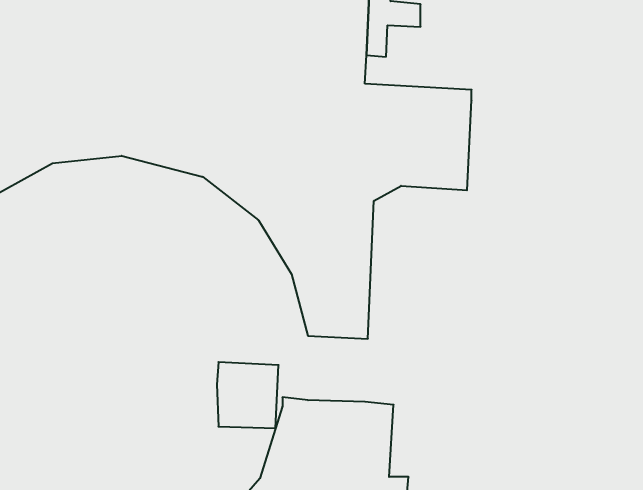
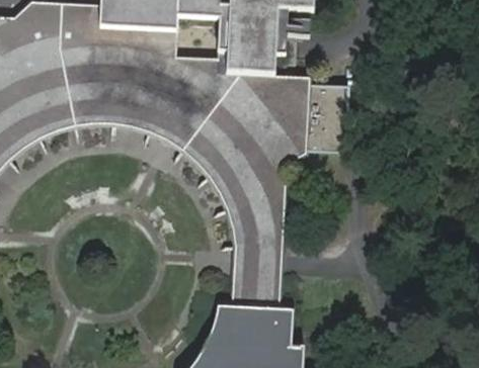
building: [217,362,279,428] -> [234,248,275,292]

